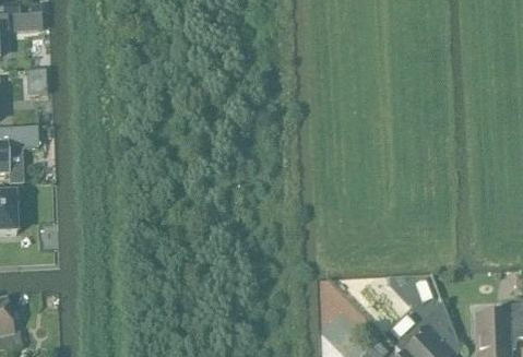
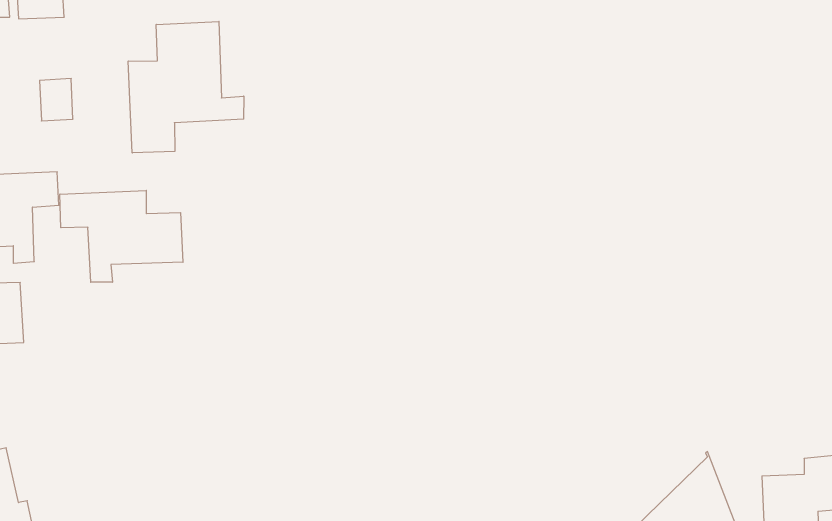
building: none -> [128,21,244,153]
building: none -> [60,190,183,282]

